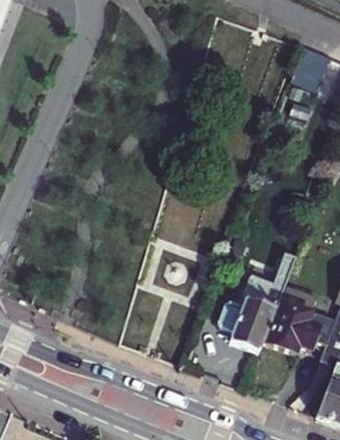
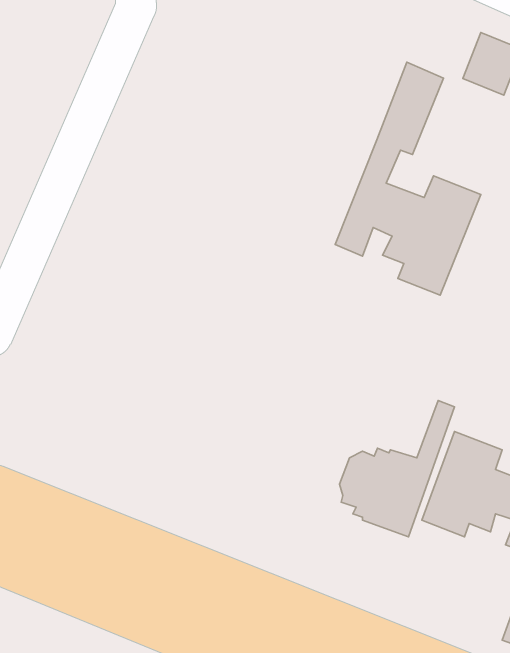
building: none -> [335,62,481,295]

